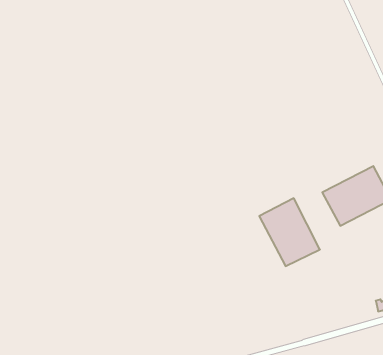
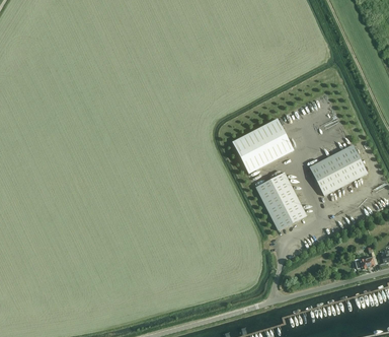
building: none -> [232,118,294,173]

